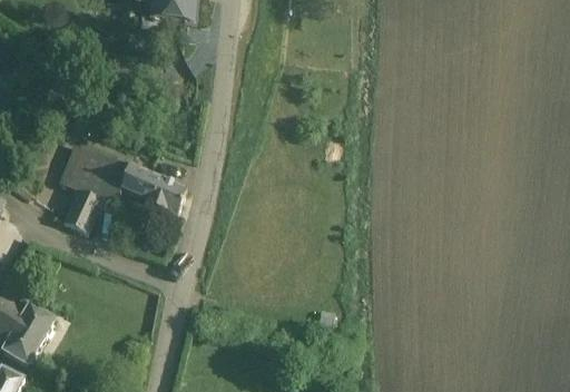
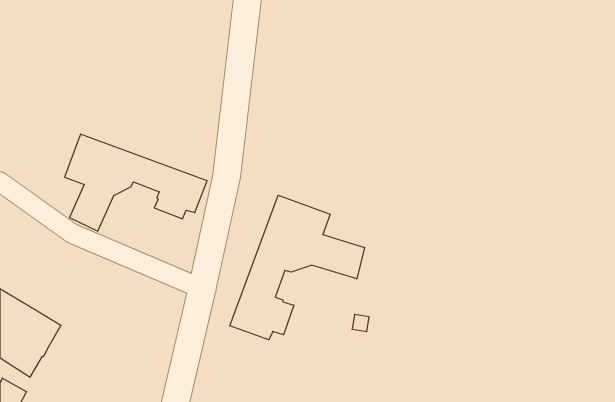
building: none -> [230,195,365,340]

